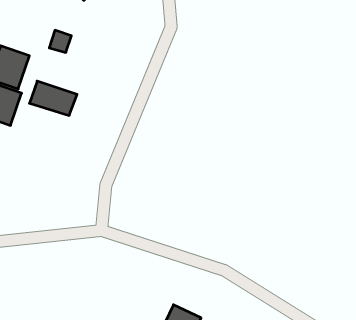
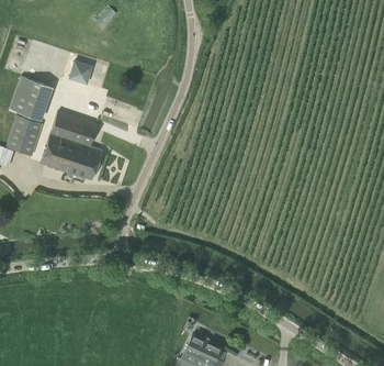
building: none -> [41,134,103,180]

